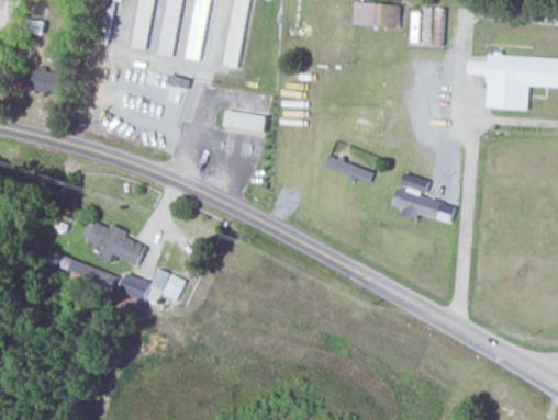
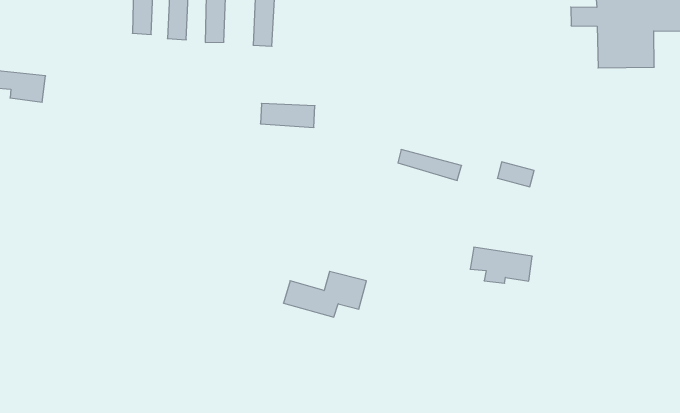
building: [392,190,440,219] -> [470,247,532,283]
building: [82,220,146,265] -> none
building: [120,270,185,305] -> [283,271,366,317]

